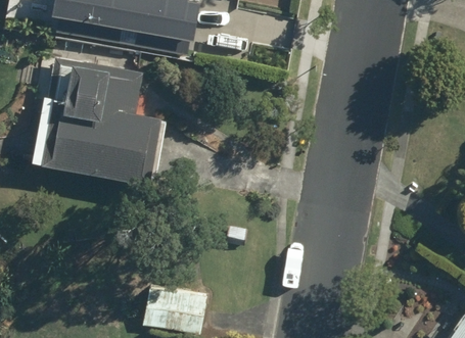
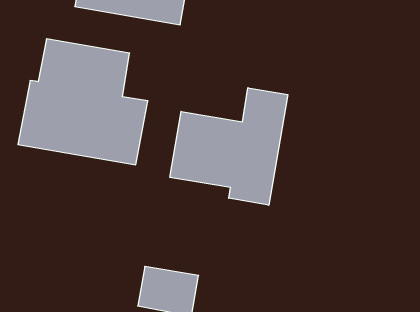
building: none -> [170,88,288,205]

